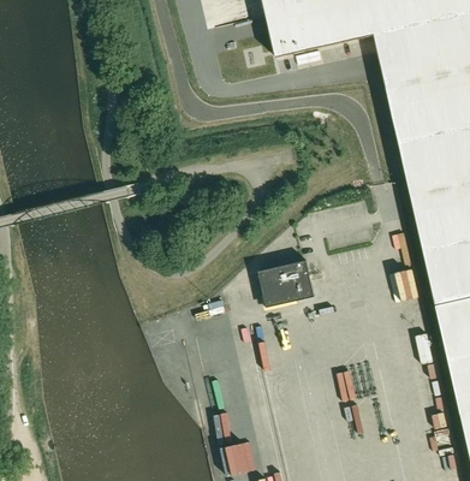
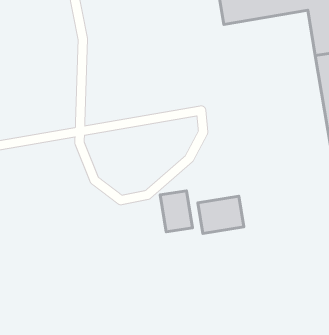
building: none -> [160,191,192,232]

